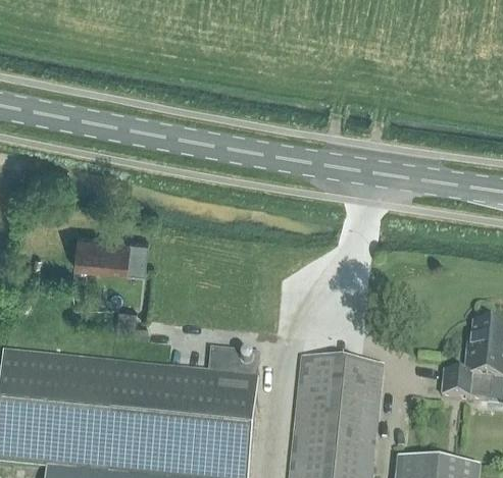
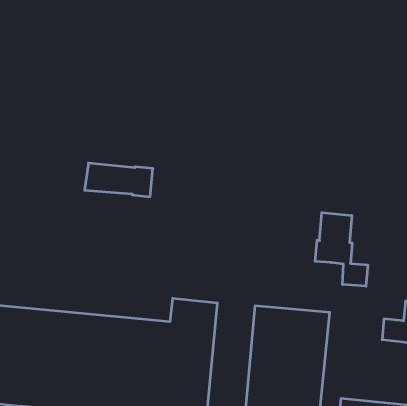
building: [74,237,149,274] -> [85,163,153,197]
building: none -> [315,213,368,286]

